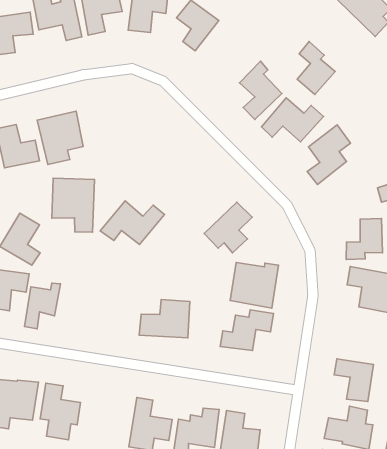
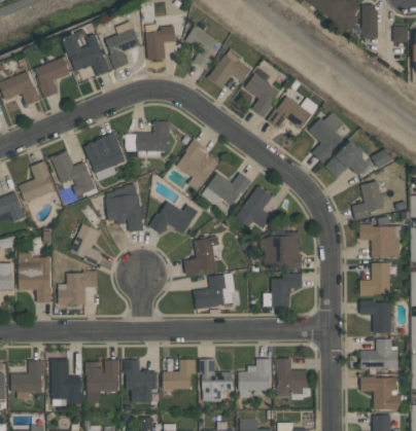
building: none -> [209,47,250,87]
building: [297,41,335,94] -> none
building: none -> [125,120,168,151]
building: none -> [175,141,218,190]
building: none -> [324,139,369,179]
building: none -> [201,172,250,206]
building: none -> [183,237,220,274]
building: [25,283,60,329] -> none
building: none -> [358,262,390,295]
building: none -> [162,359,195,389]

